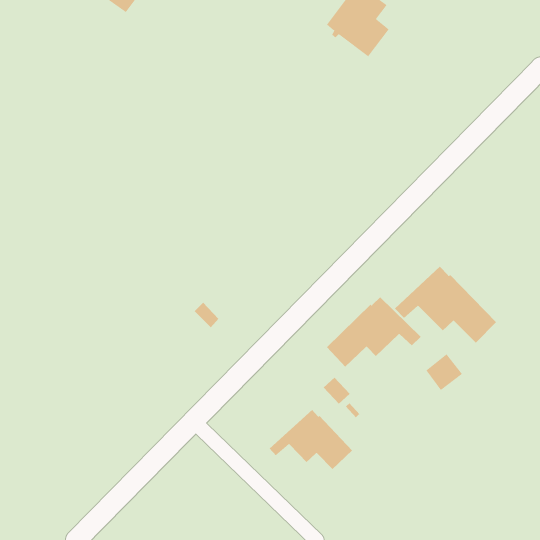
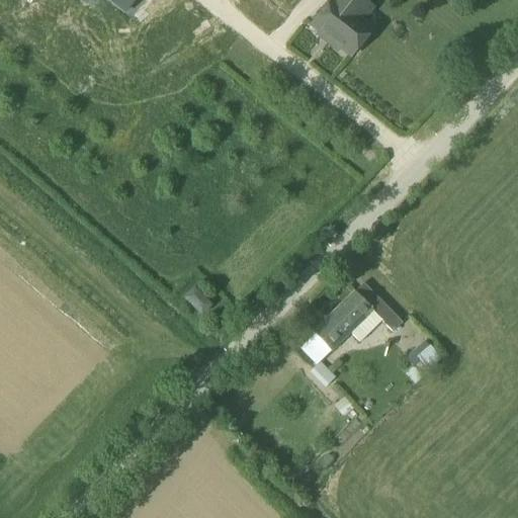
building: [394,266,497,344] -> none
building: [269,409,353,470] -> none

